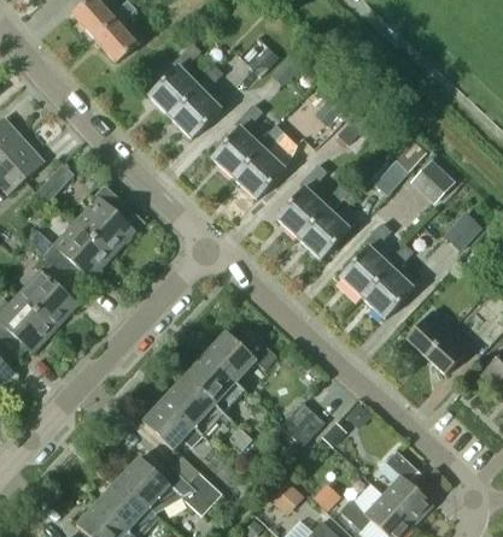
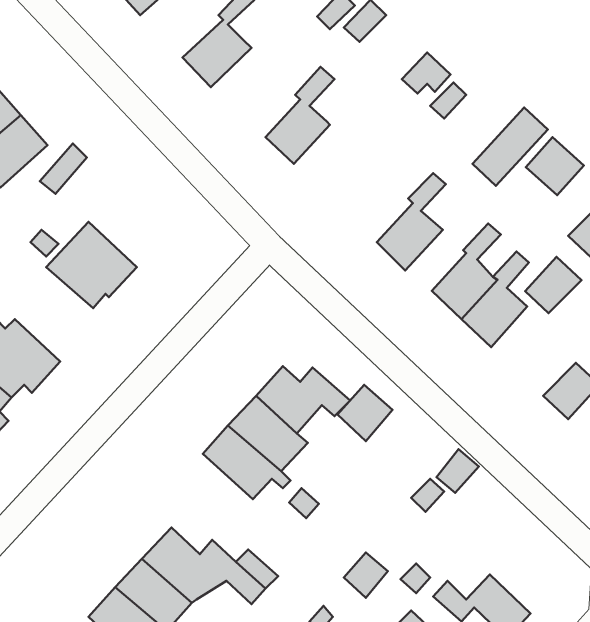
building: [169,63,224,140] -> none
building: [233,125,285,197] -> none
building: [274,164,327,237] -> none
building: [75,179,146,256] -> none
building: [18,256,78,329] -> none
building: [407,312,450,355] -> [525,257,581,313]
building: [141,400,201,450] -> none
building: [283,400,326,443] -> [338,385,392,441]
building: [384,449,433,523] -> none

